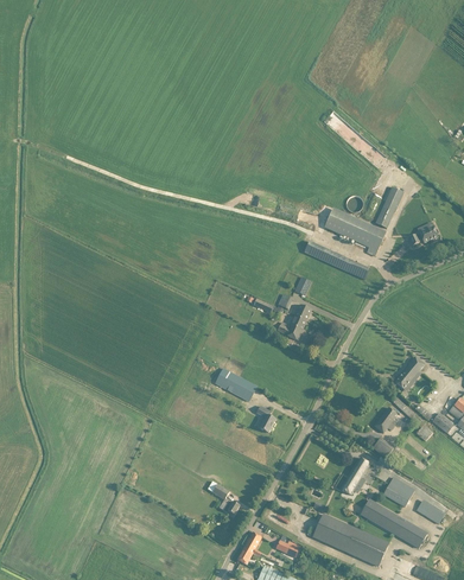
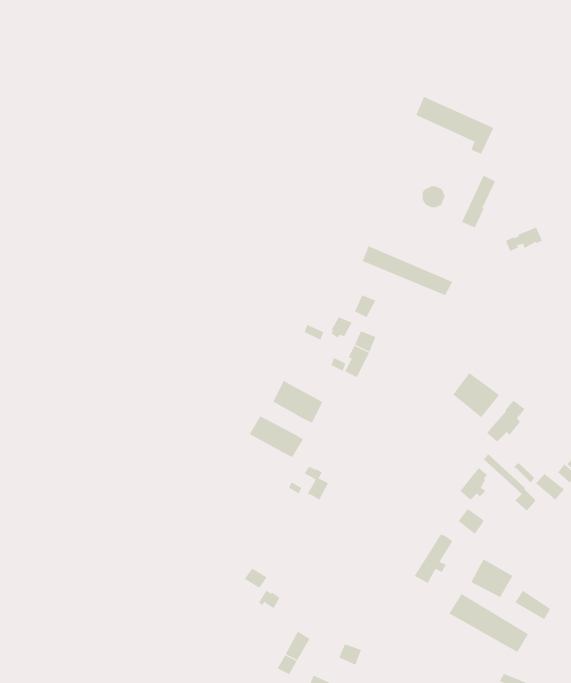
building: [324,211,383,255] -> [415,96,494,155]
building: none -> [452,372,500,418]
building: none -> [273,380,323,424]
building: [312,514,388,565] -> none

